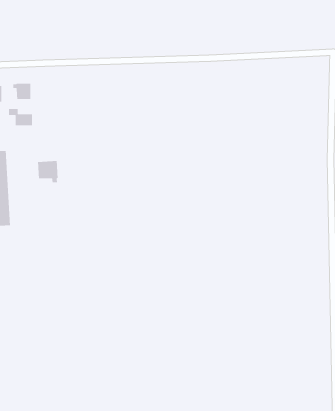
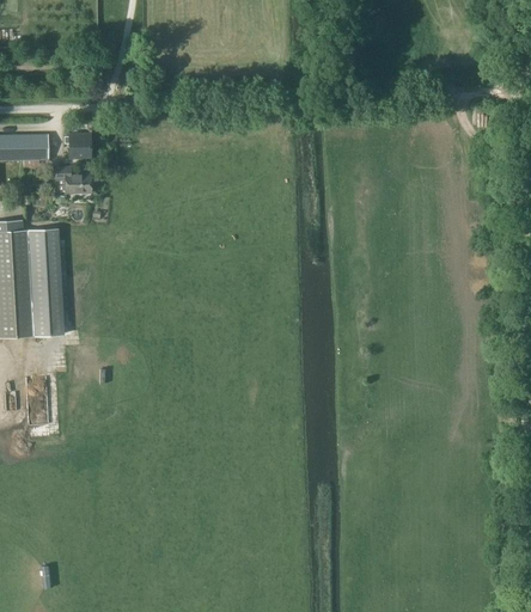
building: [37,160,59,183] -> none

